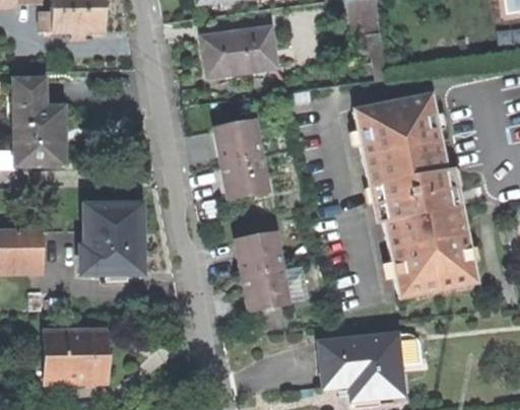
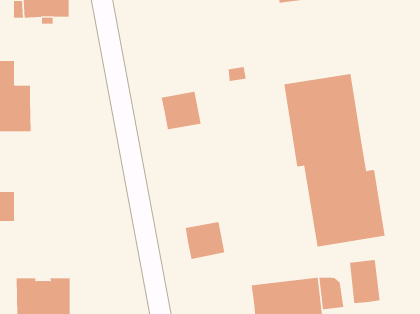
building: [204,25,277,76] -> none
building: [220,154,266,197] -> none
building: [83,206,144,279] -> none
building: [234,231,280,274] -> none
building: none -> [349,259,380,304]

